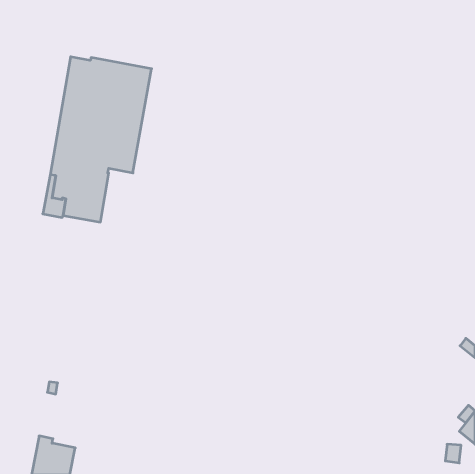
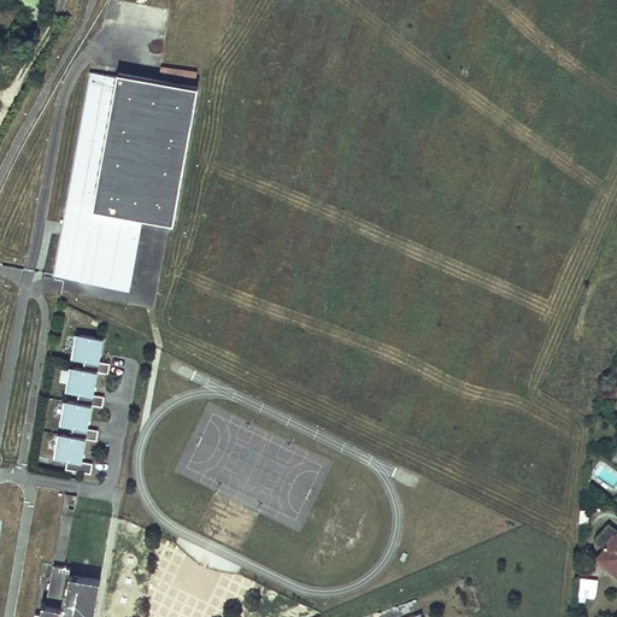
building: none -> [54,335,110,476]

